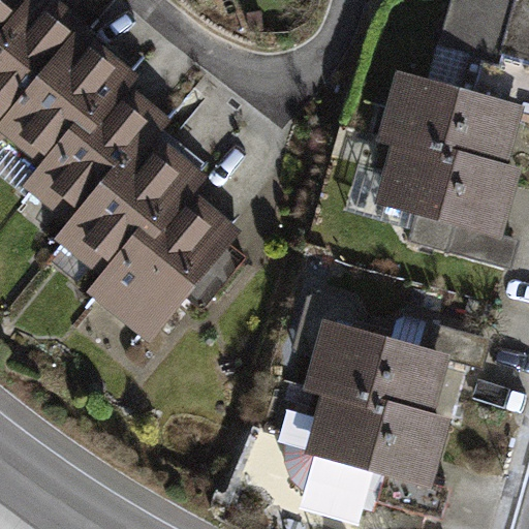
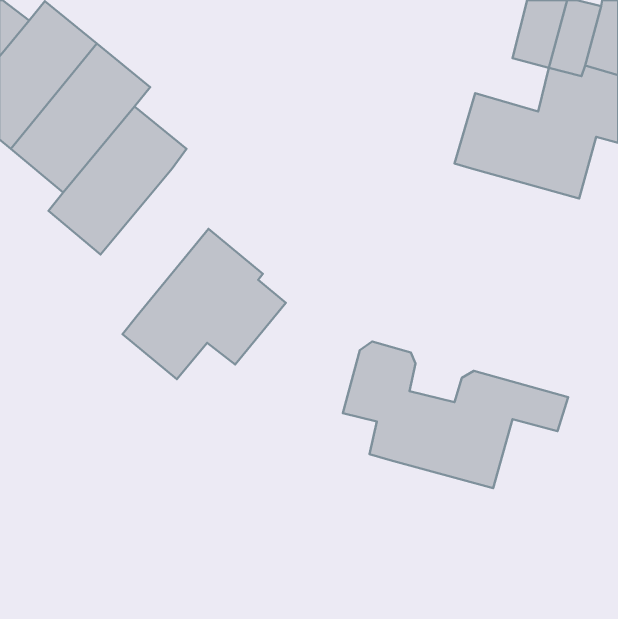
building: [72,144,191,270] -> none
building: [385,144,512,269] -> none
building: [284,393,442,518] -> none

